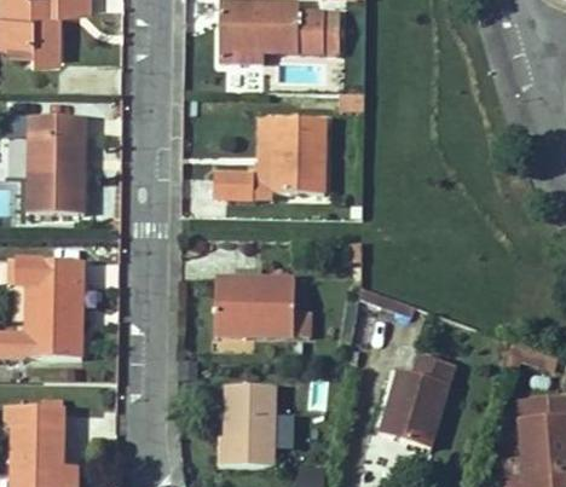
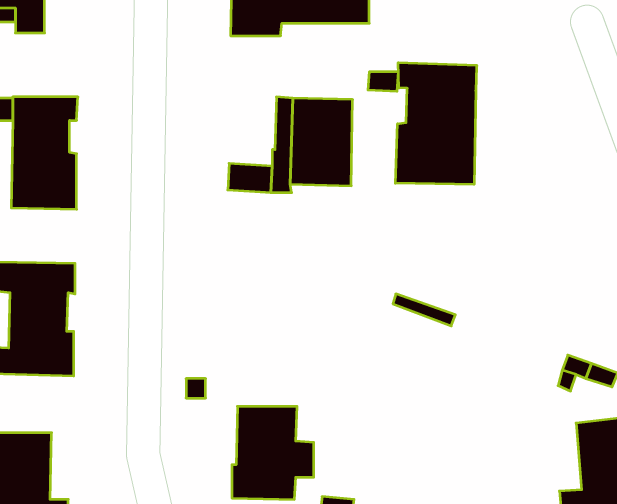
building: none -> [395,63,477,184]
building: [215,269,310,335] -> none
building: [381,353,455,447] -> none

